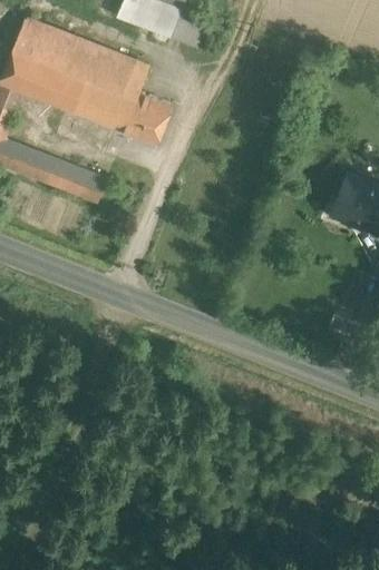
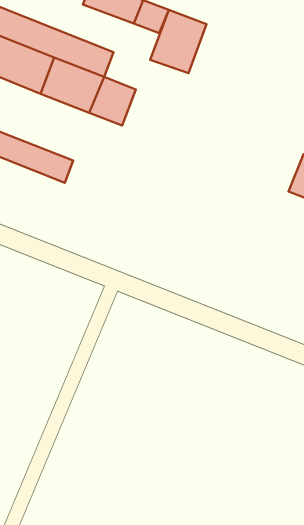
building: none -> [150,10,206,73]

